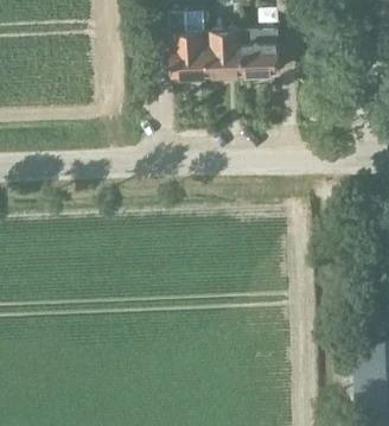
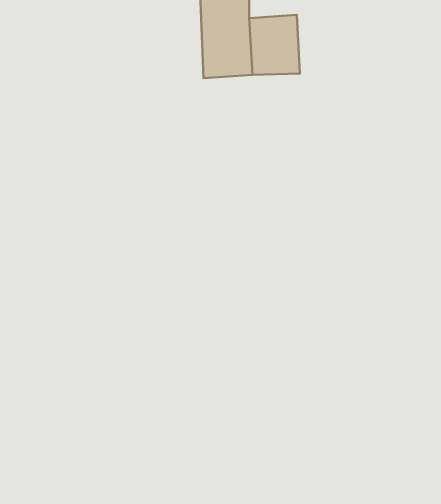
building: [244,31,282,76] -> none

